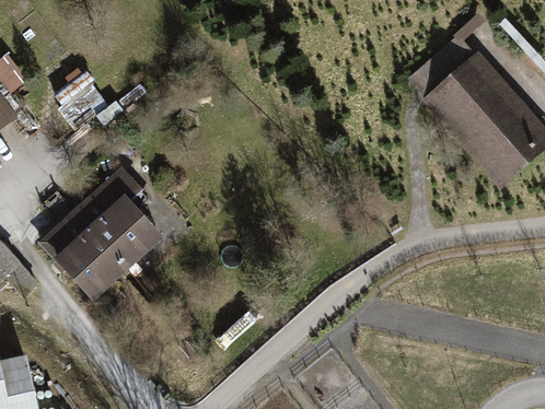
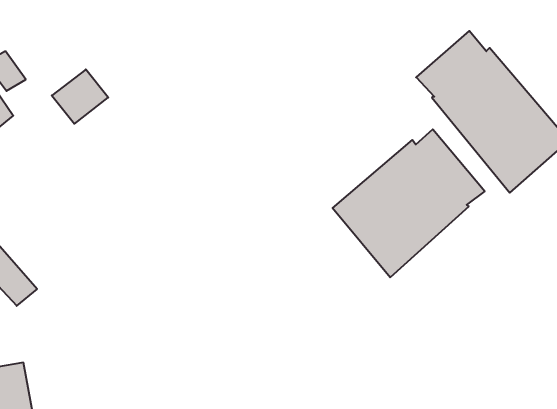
building: none -> [333,129,485,277]
building: [39,165,165,300] -> none

